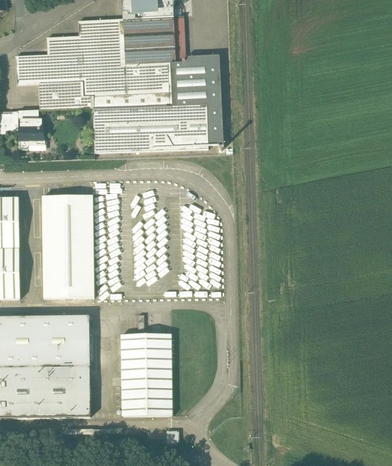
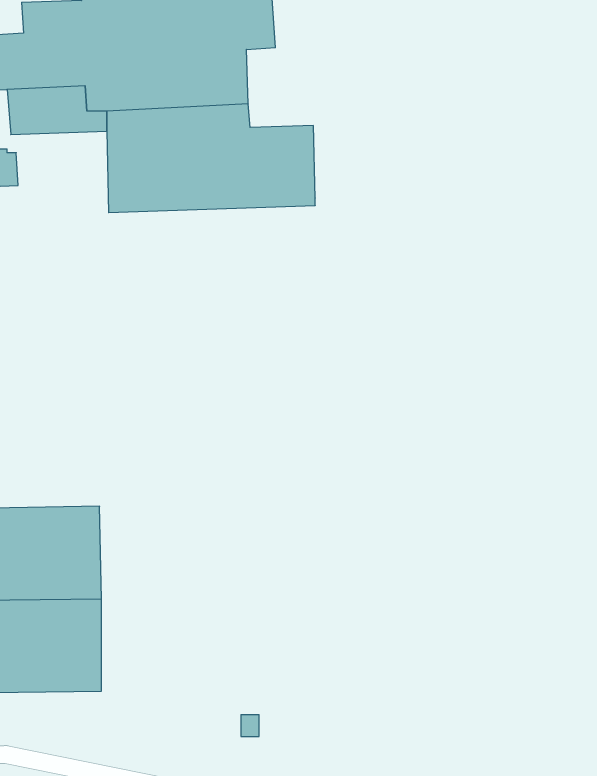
building: [169,60,223,144] -> none
building: [41,194,93,297] -> none
building: [120,333,171,415] -> none

